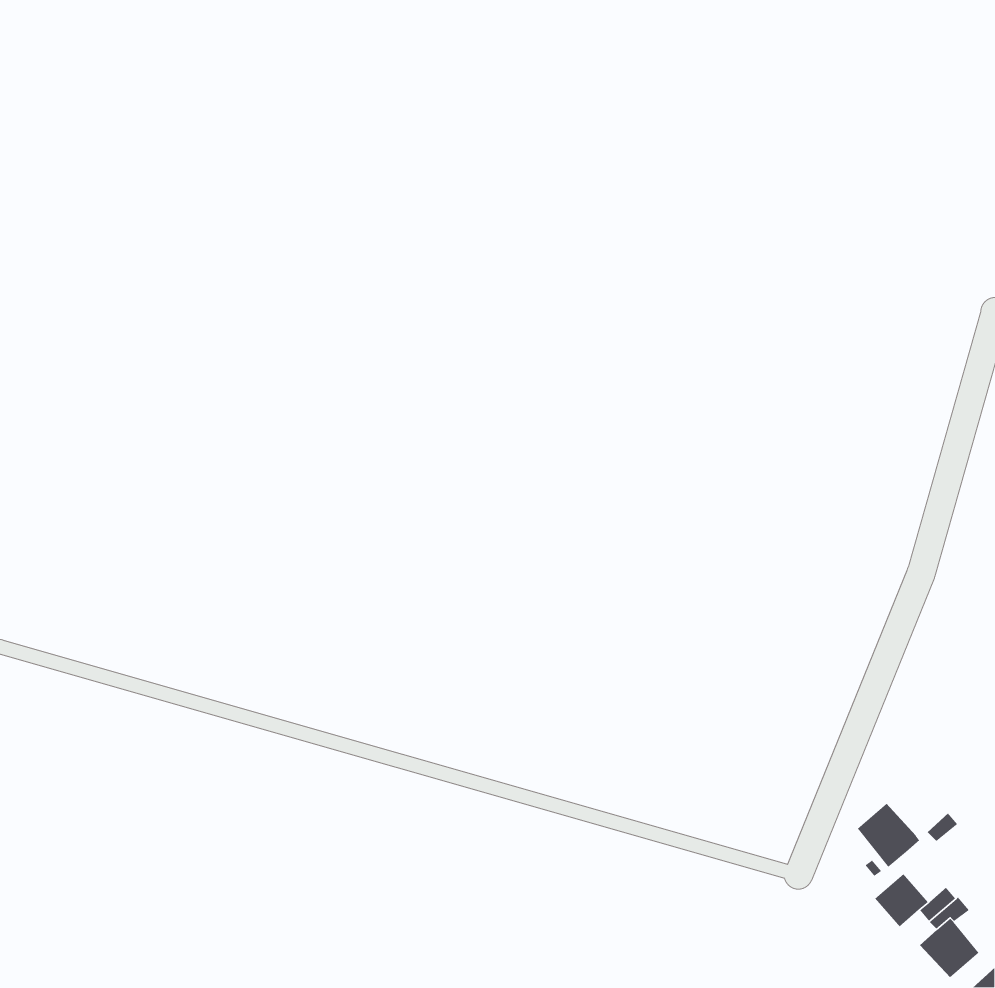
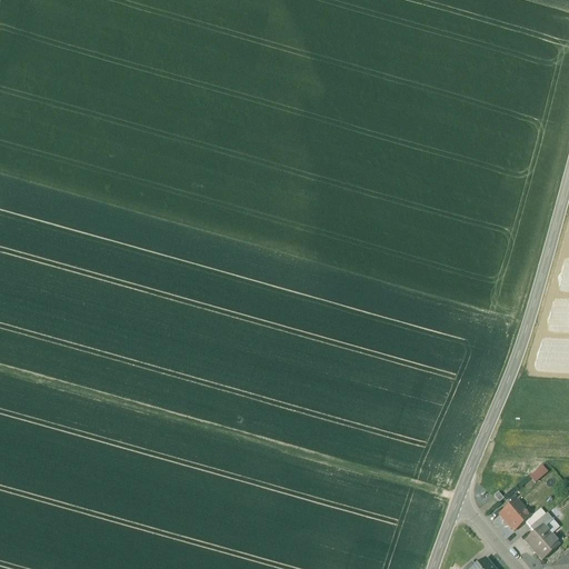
building: [857,803,920,868] -> none

